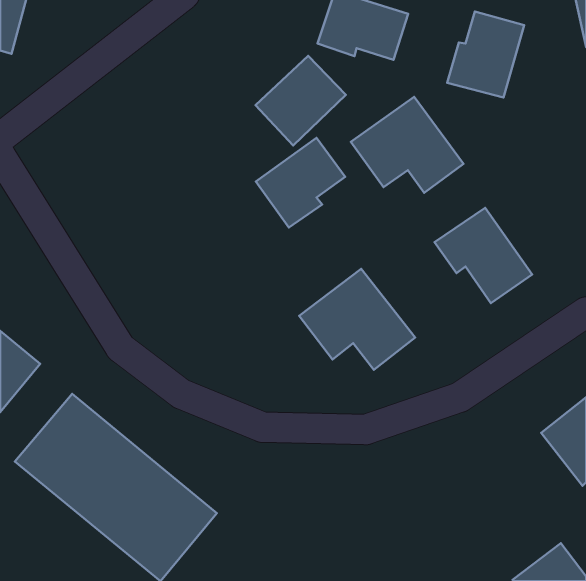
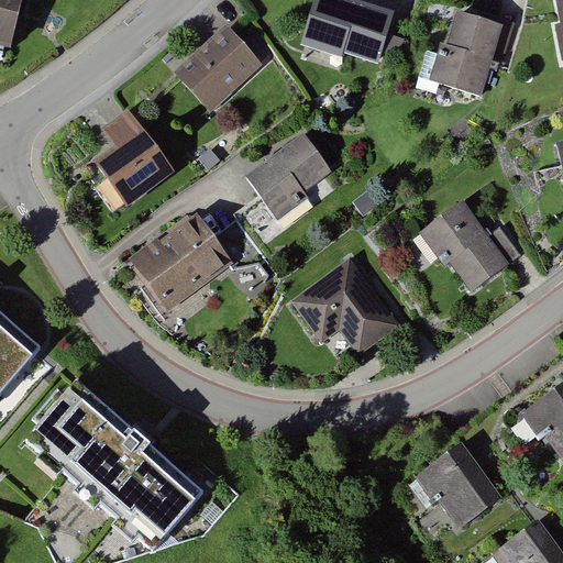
building: [255,56,346,145] -> [175,25,262,111]
building: [351,97,463,193] -> none
building: none -> [91,111,172,208]
building: none -> [125,214,230,312]
building: none -> [415,443,499,529]

